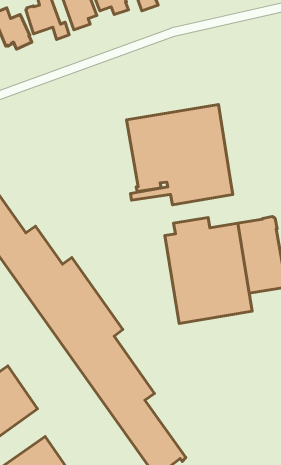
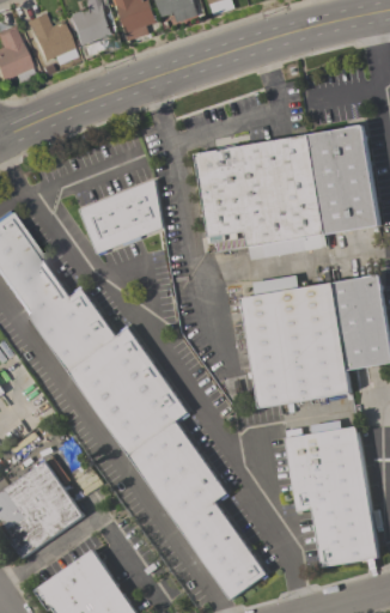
building: none -> [310,125,380,235]
building: none -> [80,180,163,256]
building: none -> [286,426,379,568]

